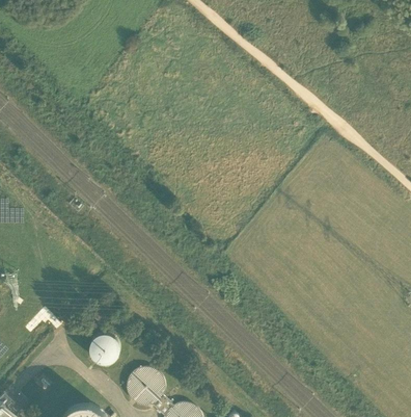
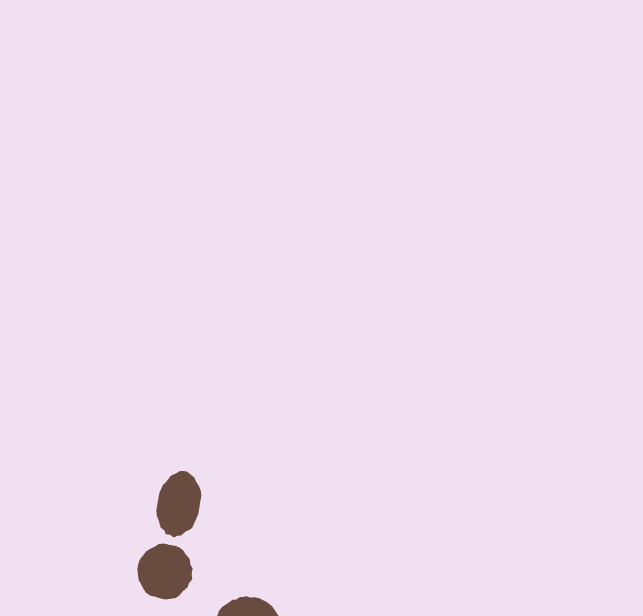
building: none -> [156,470,202,539]

